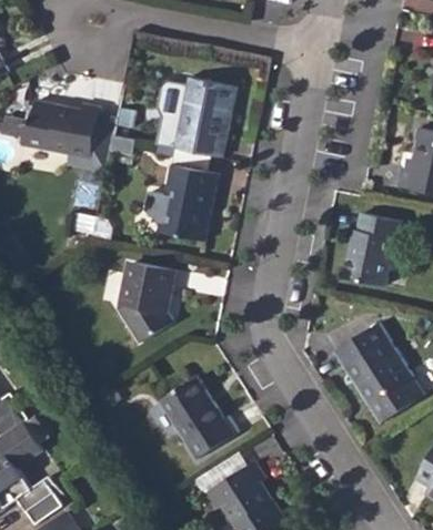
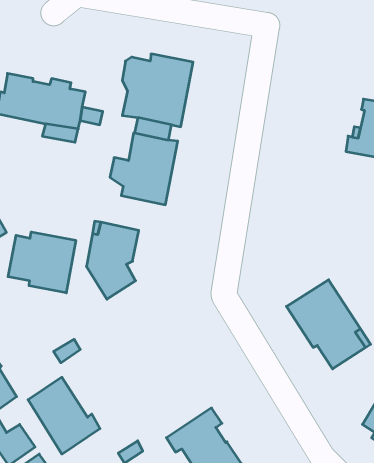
building: [343,212,402,284] -> none
building: none -> [8,232,76,293]
building: [159,377,236,460] -> [28,377,100,454]

